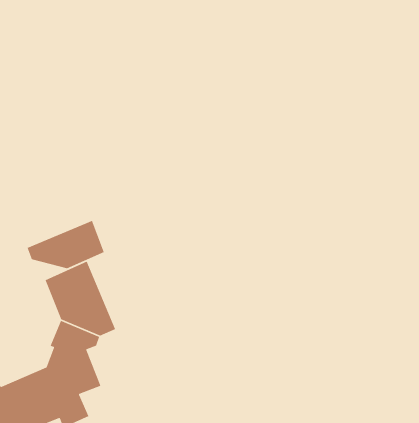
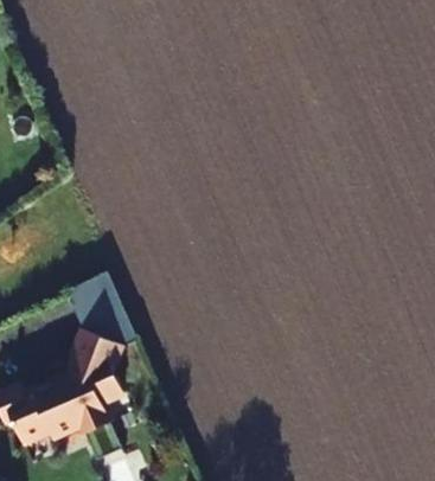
building: [26,220,105,269] -> none

